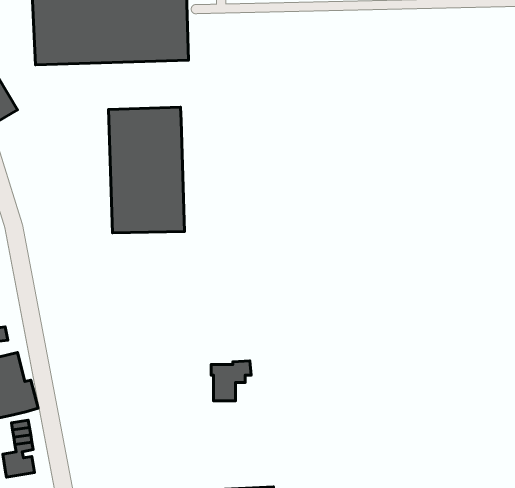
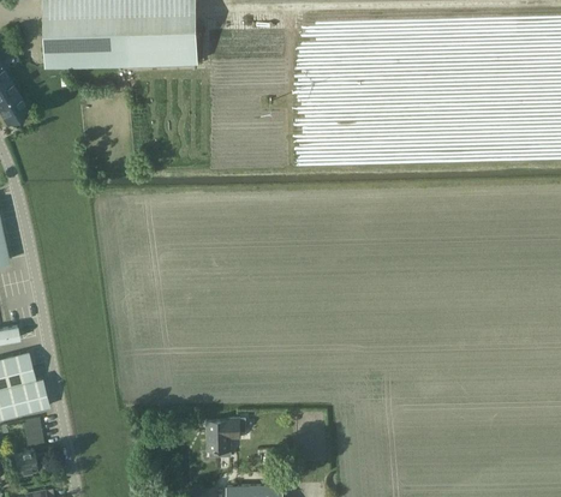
building: [109,107,184,233] -> none
building: [211,361,251,401] -> [205,419,245,459]

